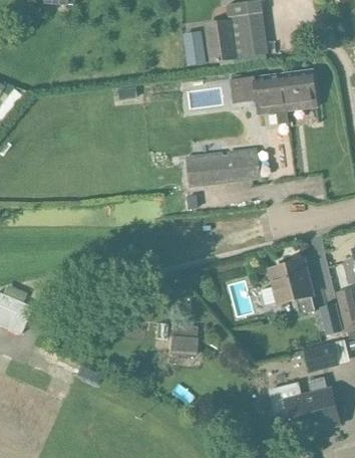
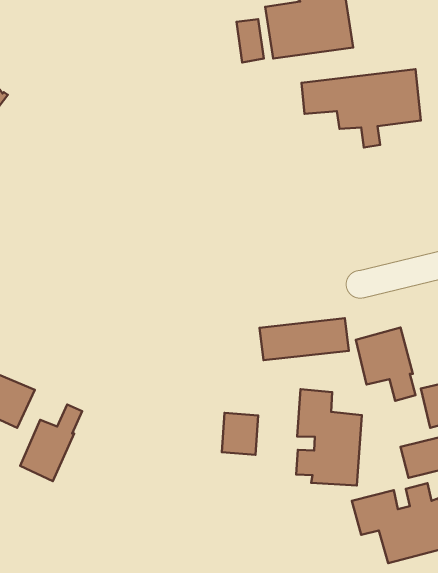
building: [187,155,253,186] -> [260,318,349,360]
building: none -> [296,389,362,486]
building: none -> [20,404,82,481]

